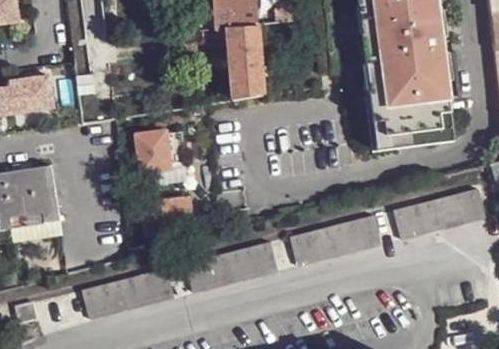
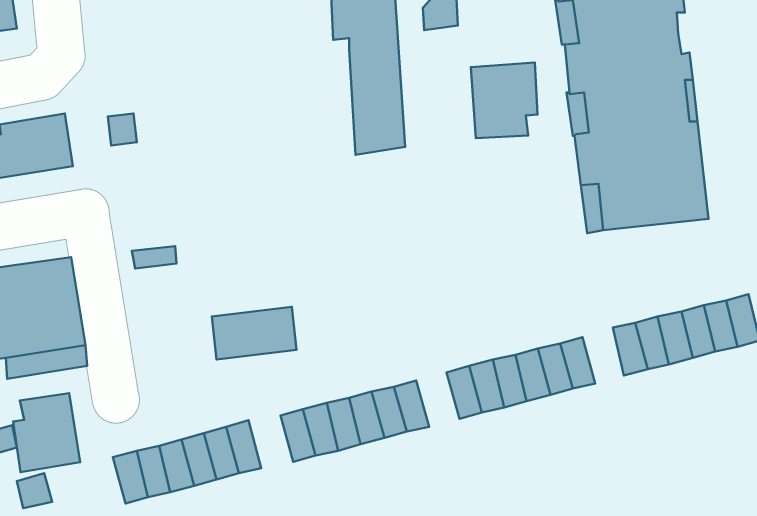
building: none -> [471,62,537,138]
building: [136,129,187,172] -> none
building: none -> [13,393,80,472]

